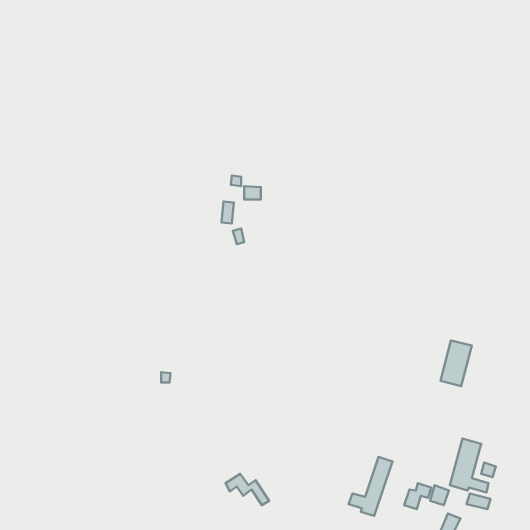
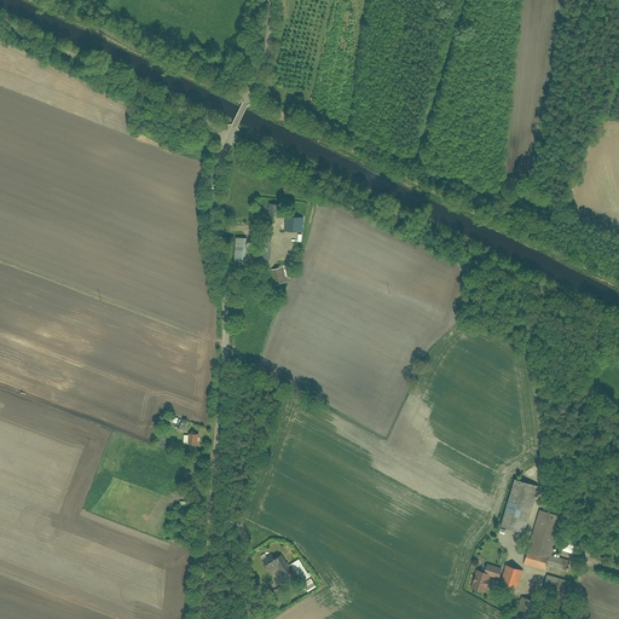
building: [441,340,472,386] -> [501,480,537,533]
building: [349,457,392,516] -> none

